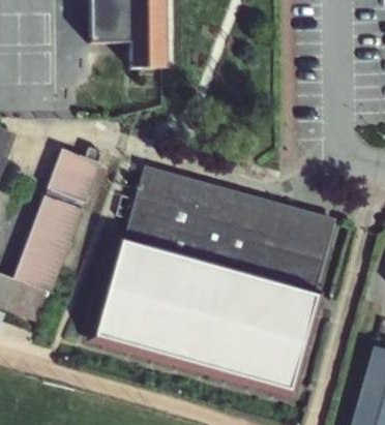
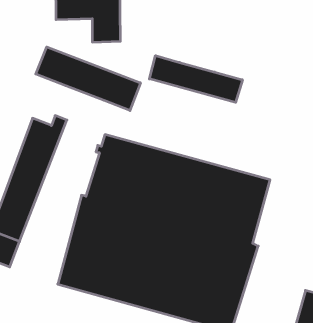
building: none -> [36,47,140,111]
building: none -> [149,56,242,102]

